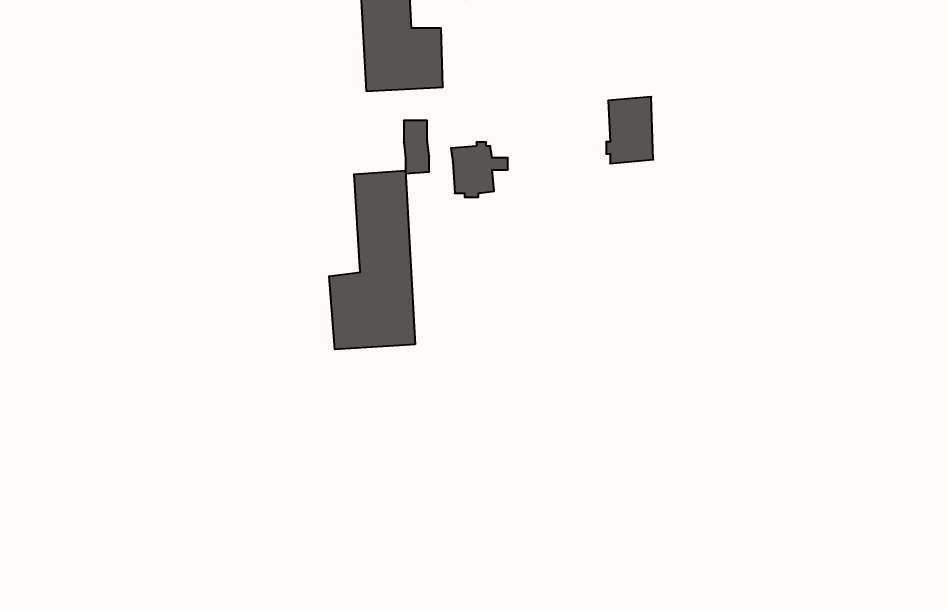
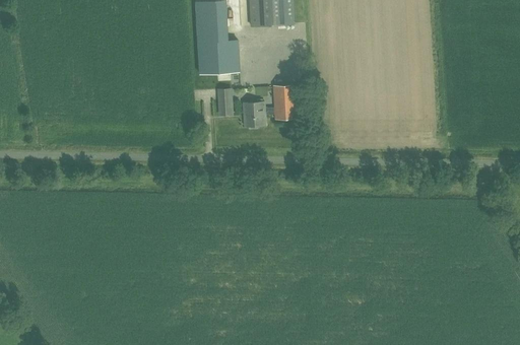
building: [606,97,653,164] -> [272,85,297,120]
building: [329,170,415,349] -> none

